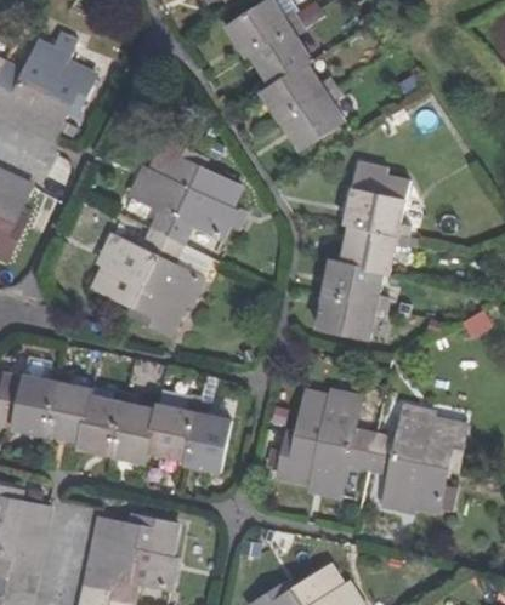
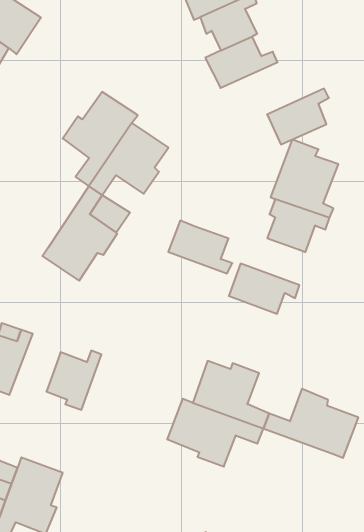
building: [280,85,341,147] -> [267,89,329,144]
building: [93,228,163,302] -> none
building: [325,258,391,304] -> [168,221,232,273]
building: [113,390,157,462] -> none
building: [186,401,231,473] -> none
building: [368,452,446,513] -> none

